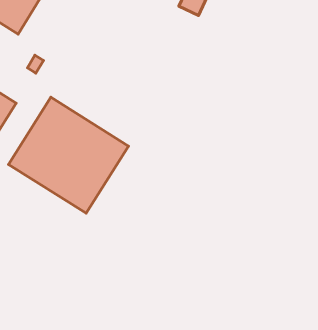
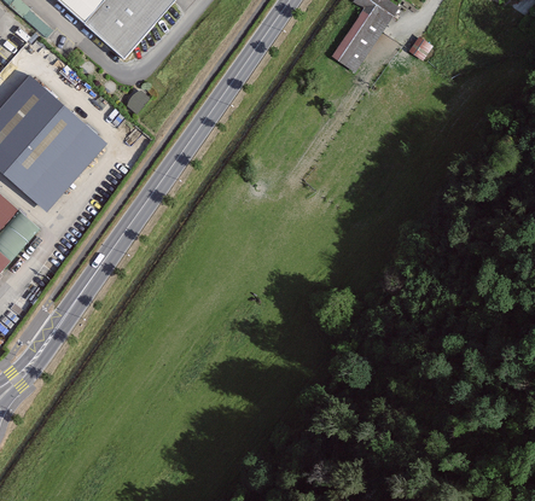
building: [8,97,128,213] -> none

